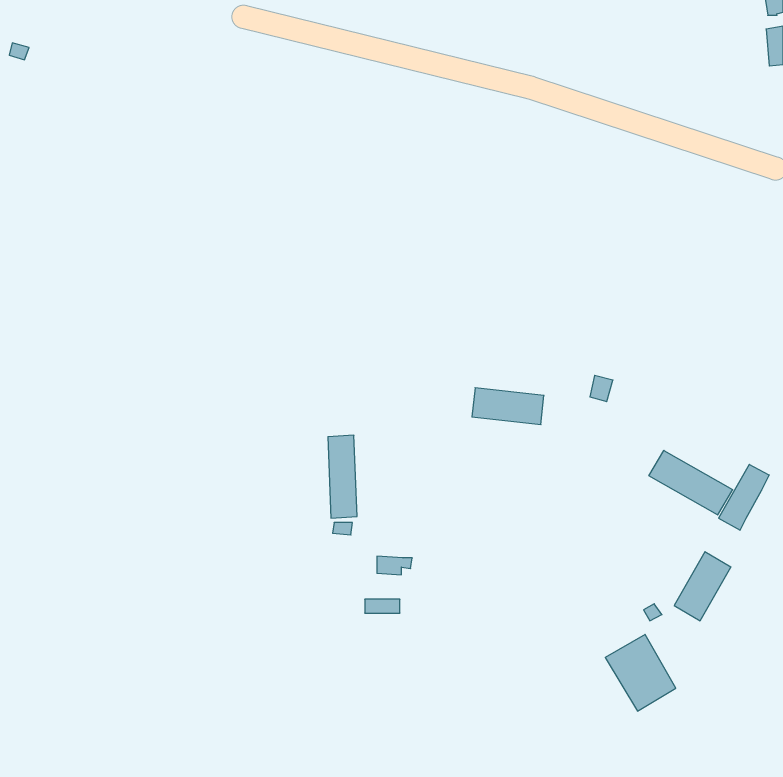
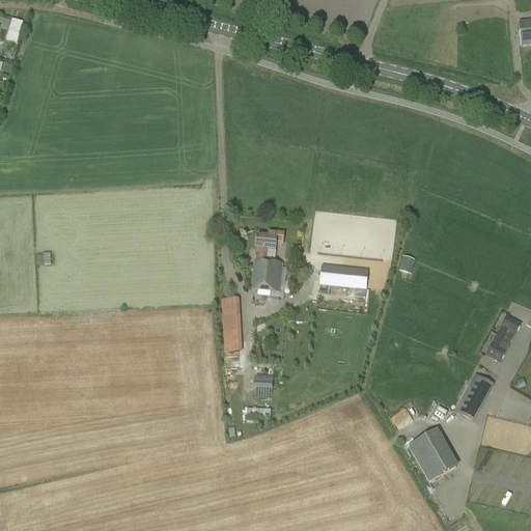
building: none -> [251,229,284,290]
building: [649,450,733,515] -> none

